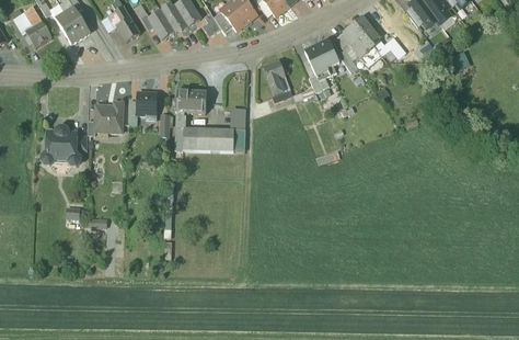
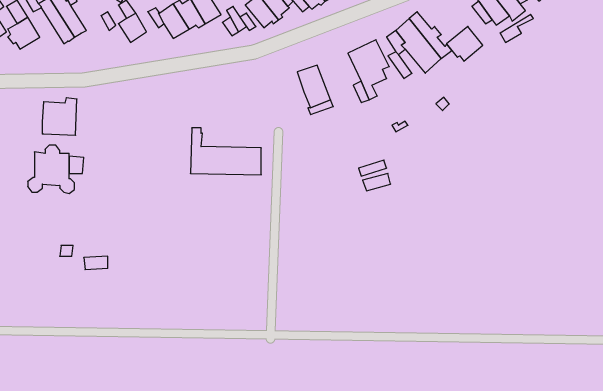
building: [172,90,206,113] -> none
building: [137,92,157,115] -> none
building: [94,101,123,132] -> [42,98,77,135]

